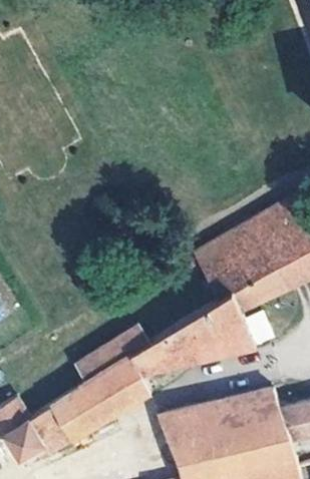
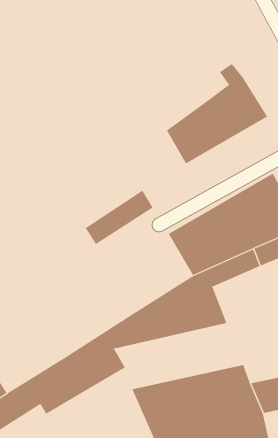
building: none -> [166,63,268,164]
building: [76,327,146,383] -> [85,190,154,245]

